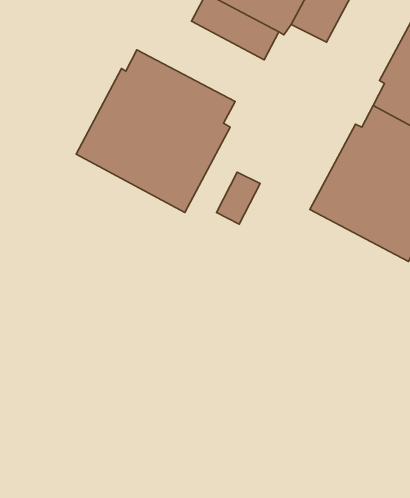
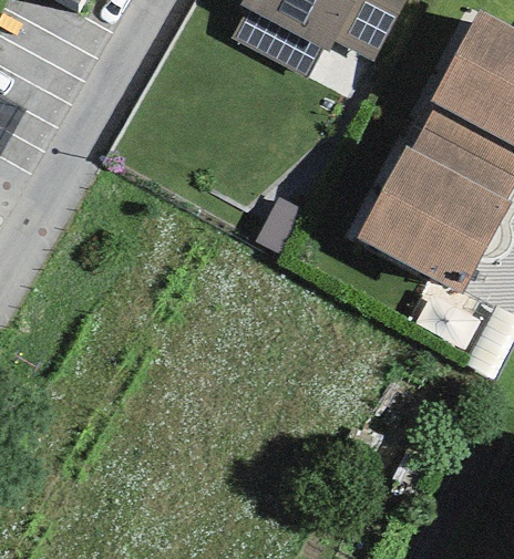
building: [76,50,235,213] -> none

